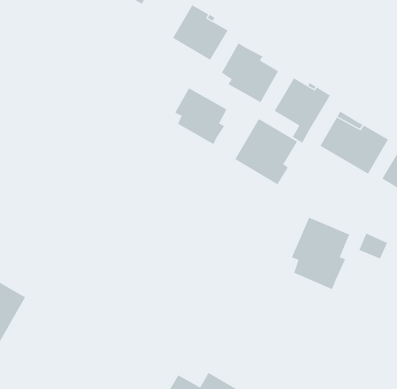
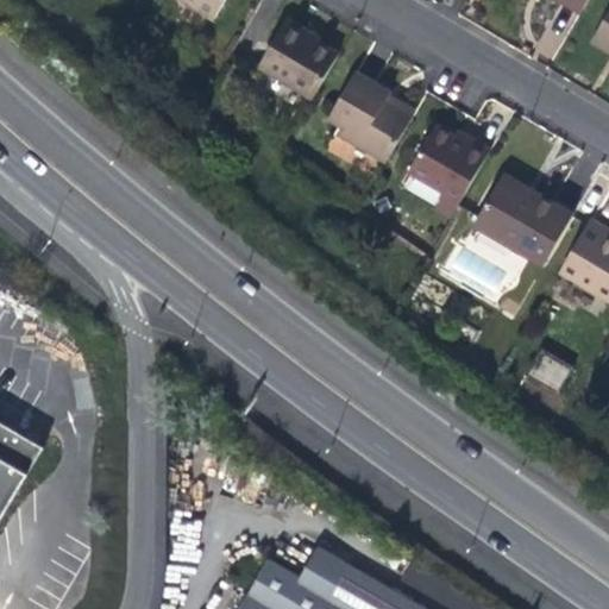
building: [175,88,227,145] -> none
building: [234,118,298,185] -> none
building: [291,217,350,290] -> none

